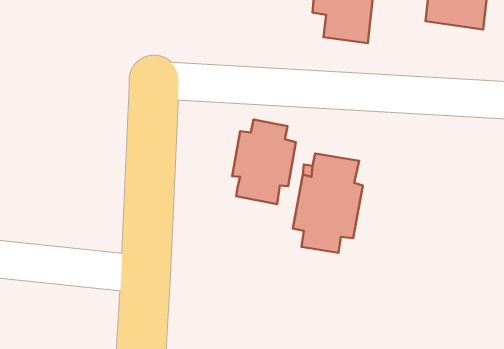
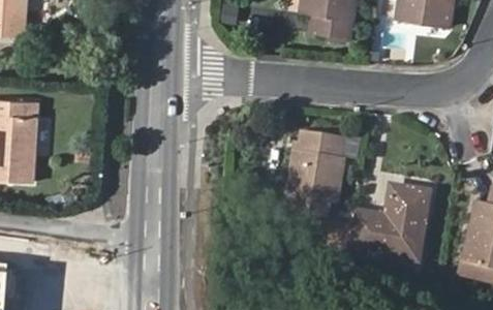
building: [232,119,296,204] -> none
building: none -> [350,185,428,258]

